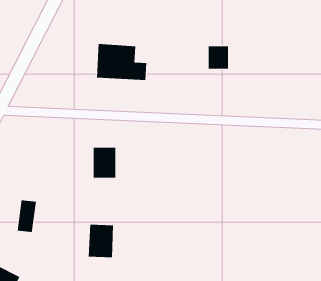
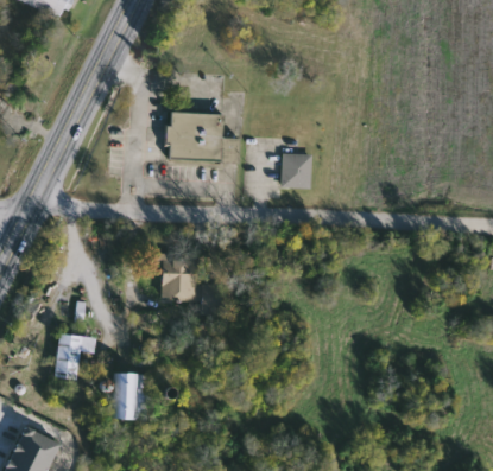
building: [208,46,229,69] -> [282,152,311,185]
building: [88,224,114,258] -> [110,370,147,418]

